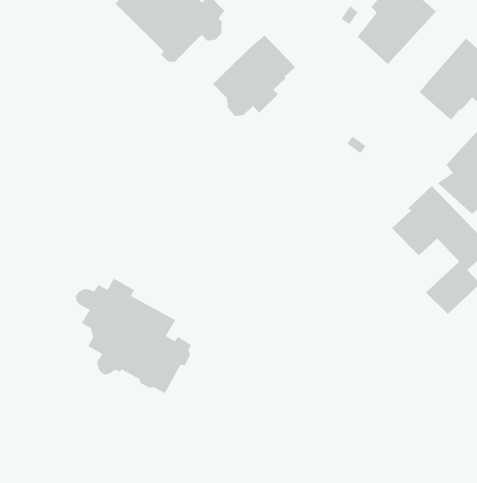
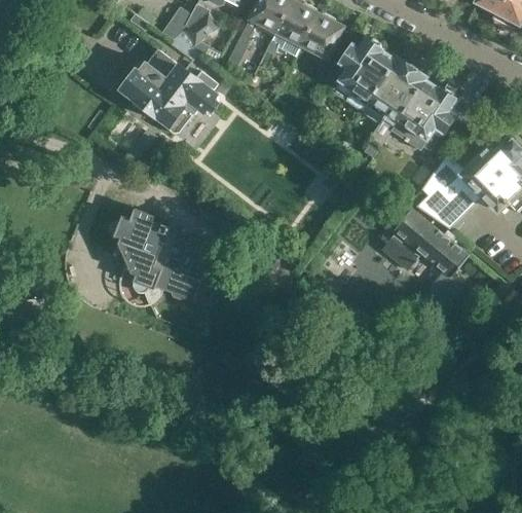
building: none -> [361,58,425,156]
building: [209,34,296,117] -> none
building: [75,278,192,394] -> [107,209,212,301]

